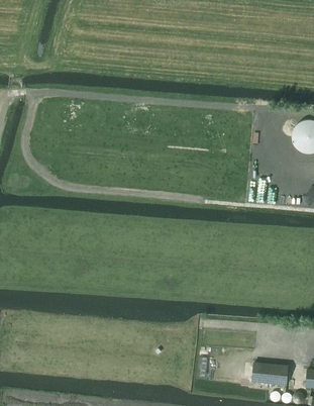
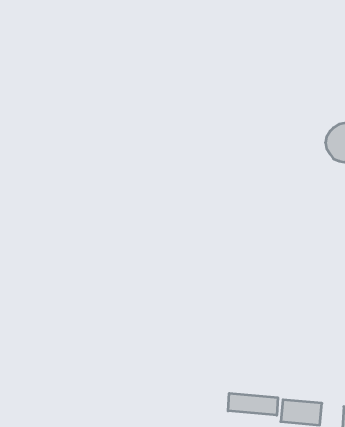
building: none -> [228,393,278,415]

